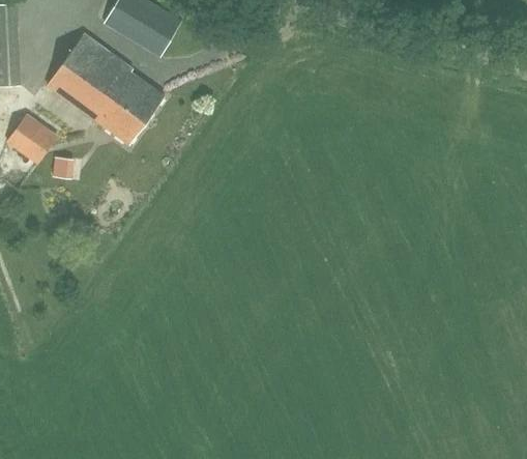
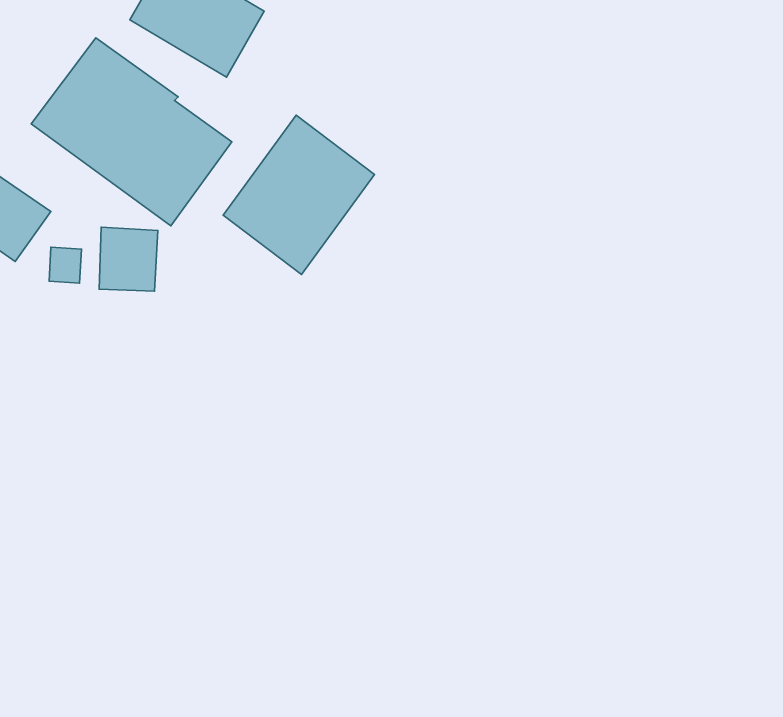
building: none -> [223,115,375,275]
building: none -> [99,227,158,291]

